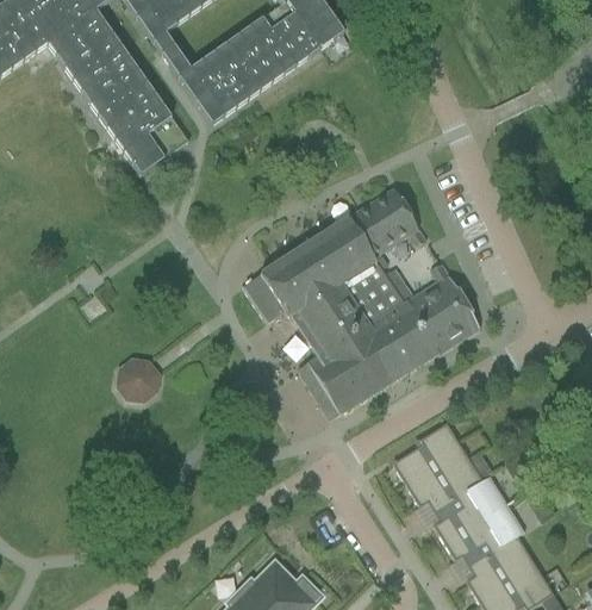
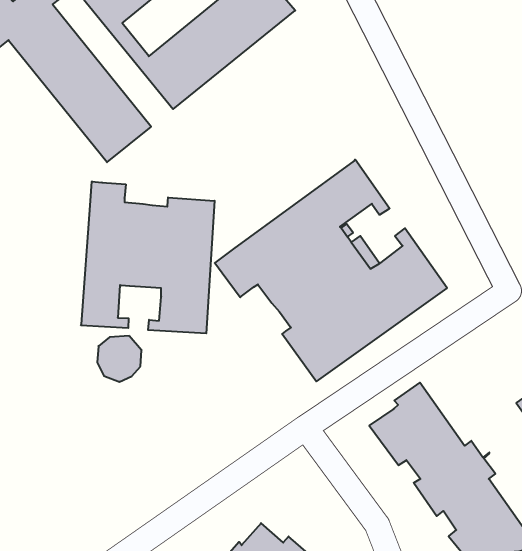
building: none -> [81,181,215,333]

